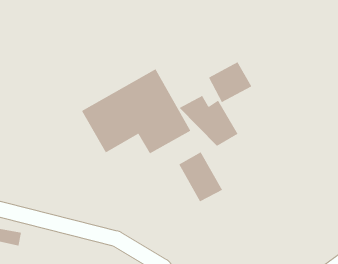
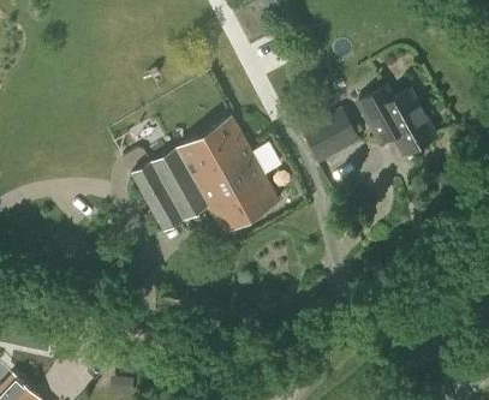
building: [179,95,238,147] -> [354,85,434,154]
building: [179,152,223,202] -> none

